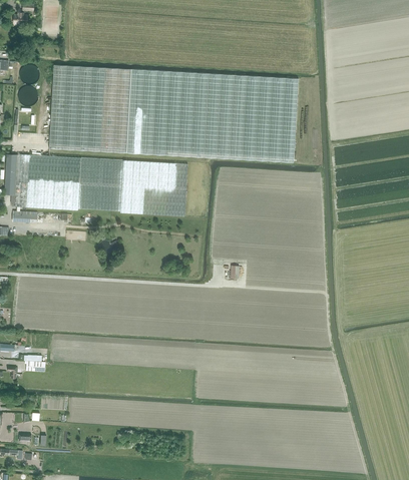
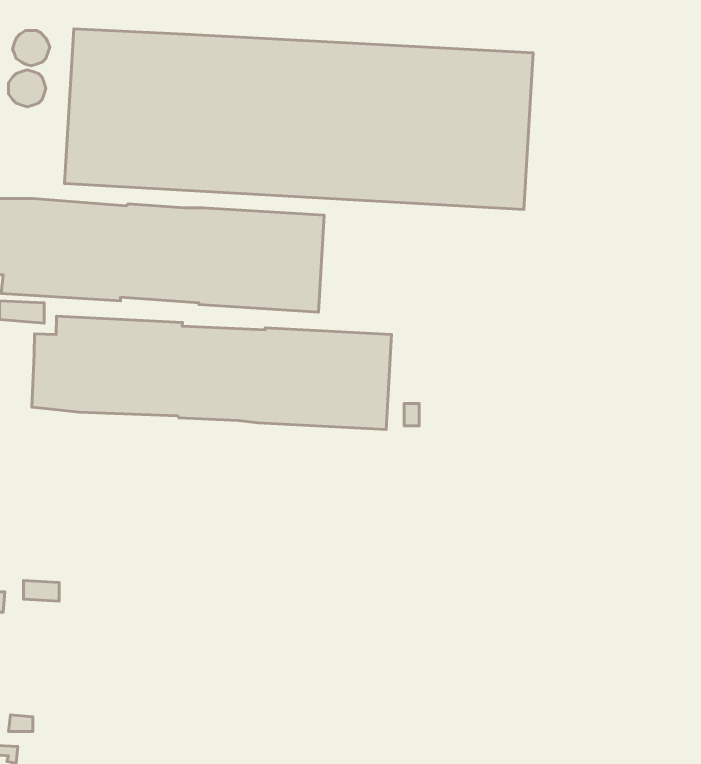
building: none -> [32,316,391,429]

